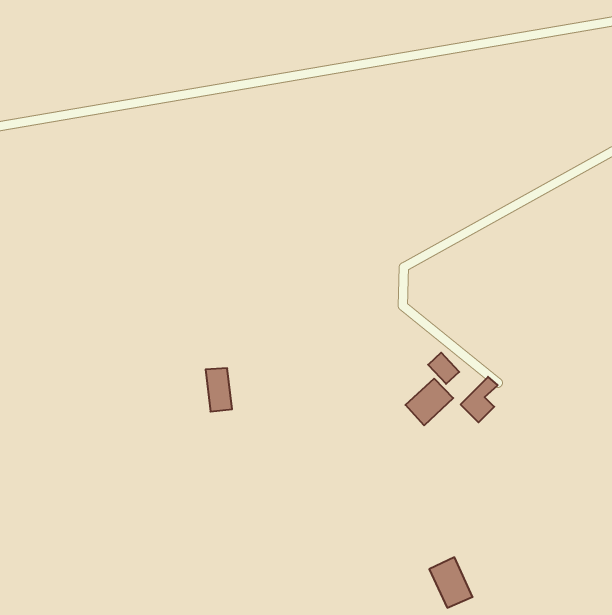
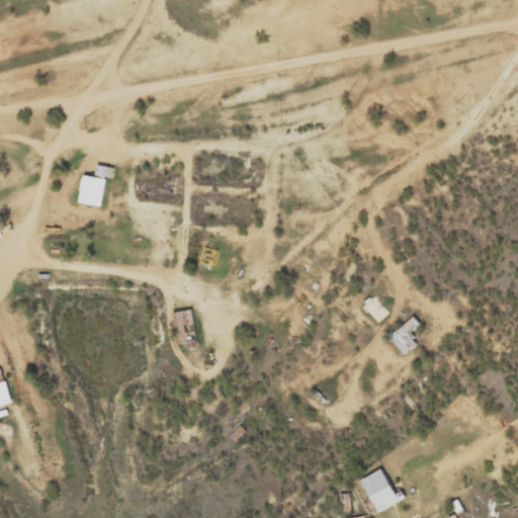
building: none -> [77,165,112,206]
building: [405,379,453,425] -> none

